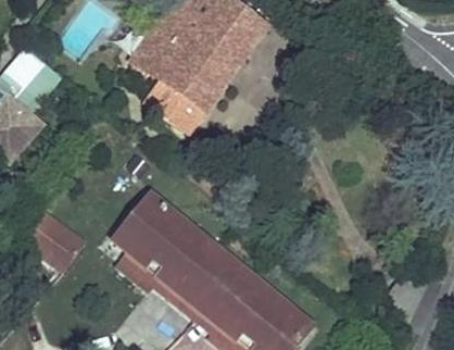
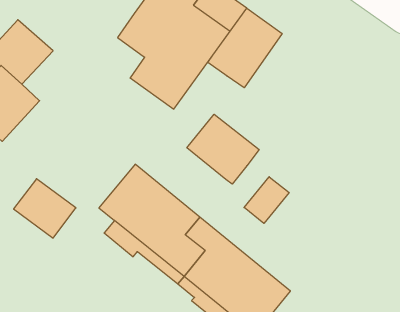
building: none -> [208,8,282,88]
building: none -> [187,114,259,184]
building: none -> [244,177,289,223]

